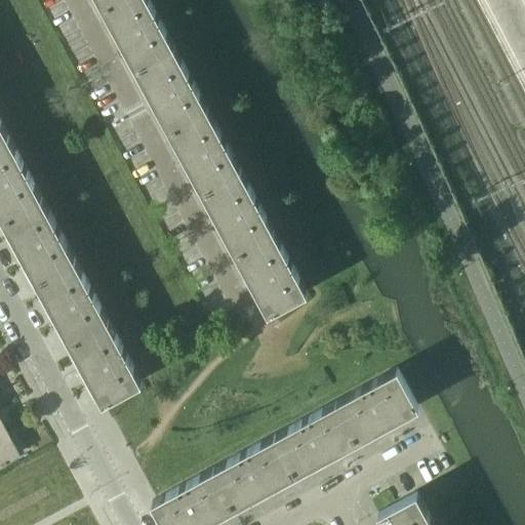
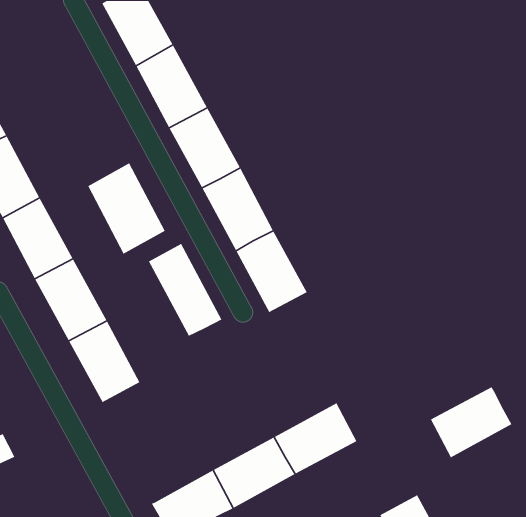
building: none -> [87,162,166,255]
building: none -> [148,243,223,337]
building: [334,377,416,449] -> [430,386,512,458]

